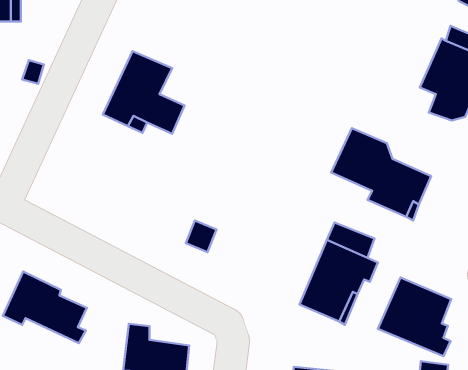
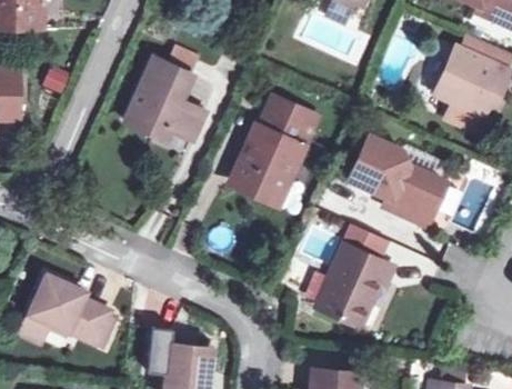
building: none -> [233,96,320,203]
building: [378,278,451,356] -> none

